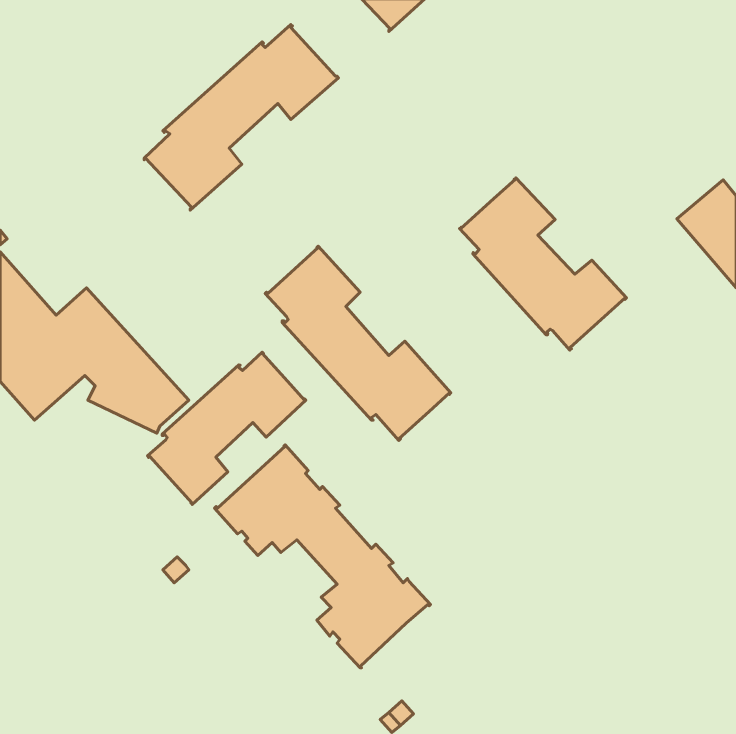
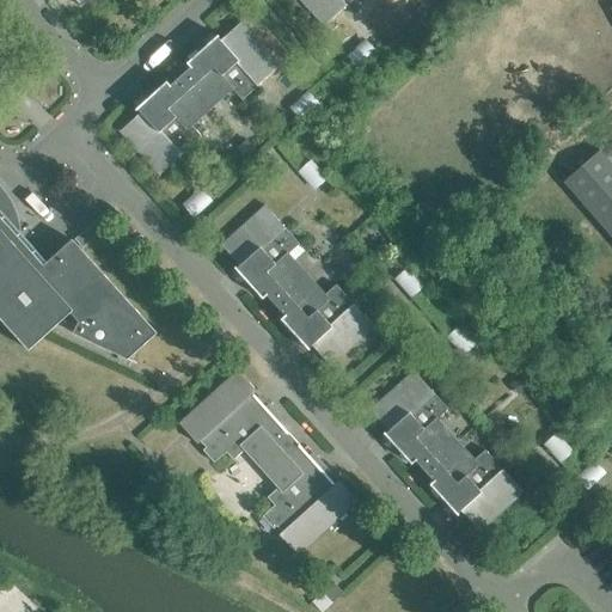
building: [460,178,626,350] -> none
building: [147,352,306,504] -> none
building: none -> [369,369,524,531]

